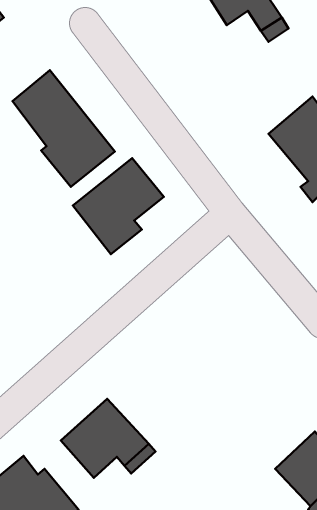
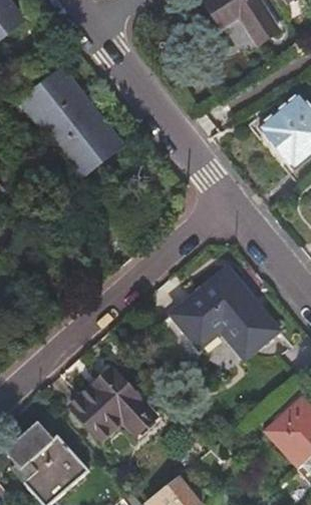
building: [73,158,164,254] -> none
building: none -> [173,269,280,359]

